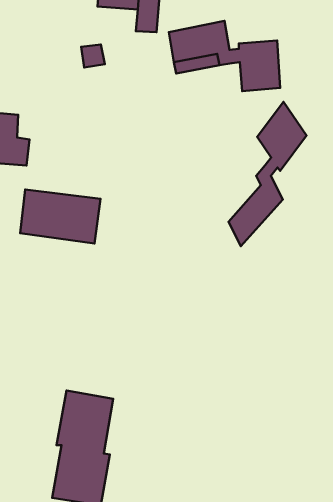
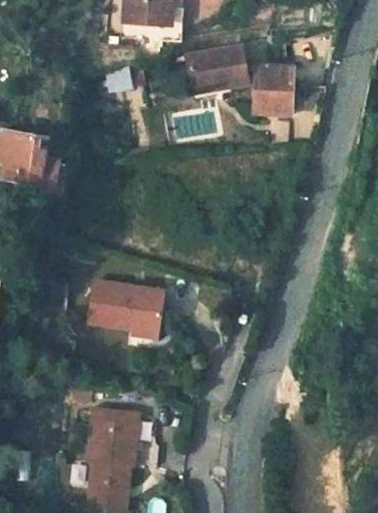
building: [228,102,307,246] -> none
building: [20,190,101,243] -> [87,281,165,333]

